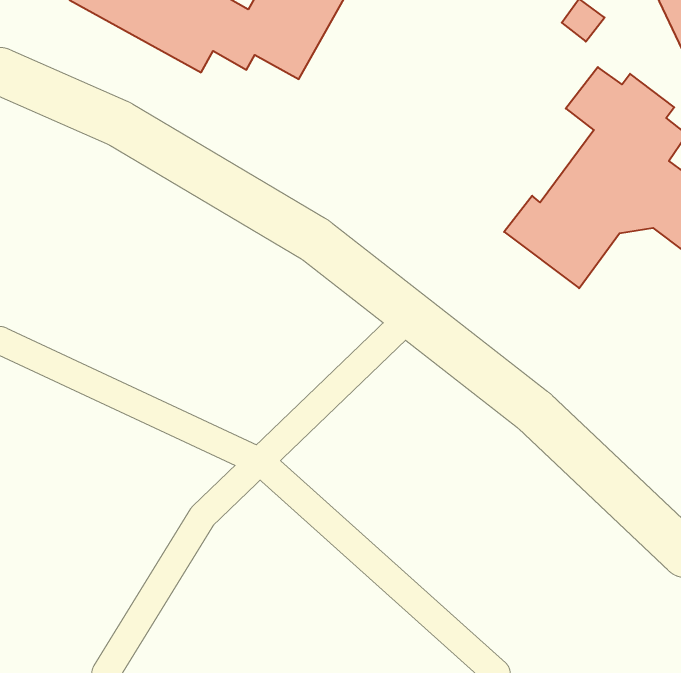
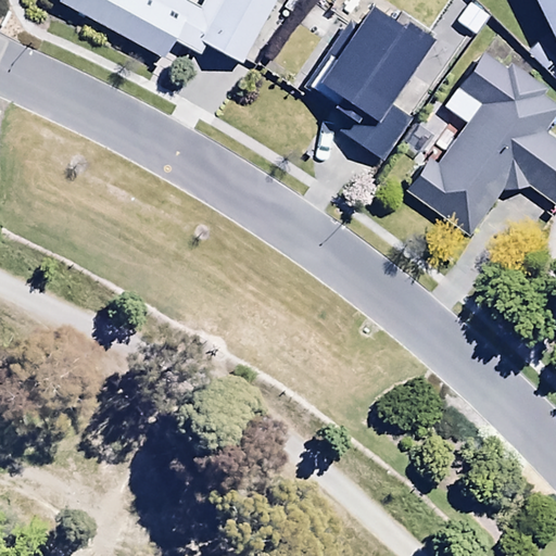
building: none -> [305,11,435,161]

